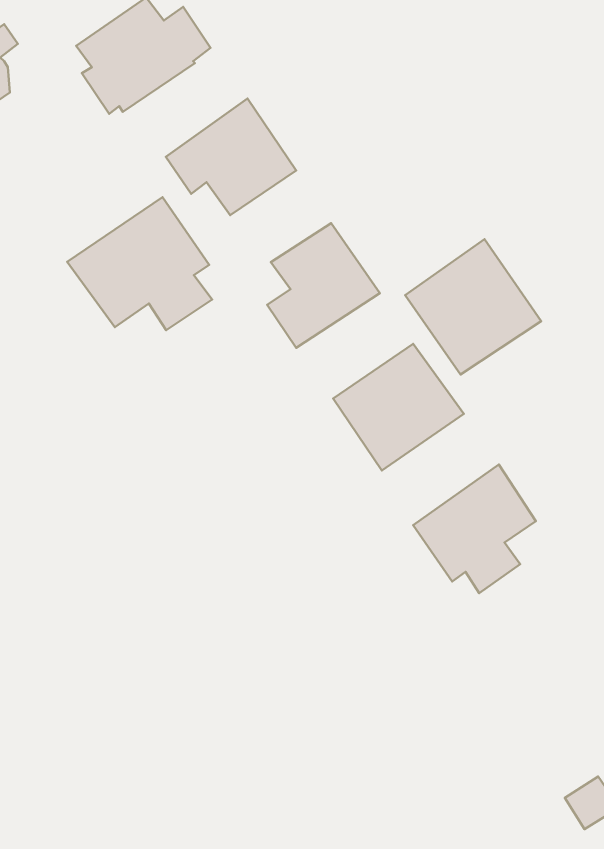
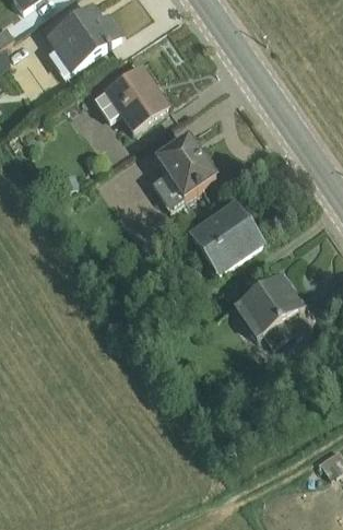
building: [67,197,212,330] -> none
building: [405,239,541,374] -> none

